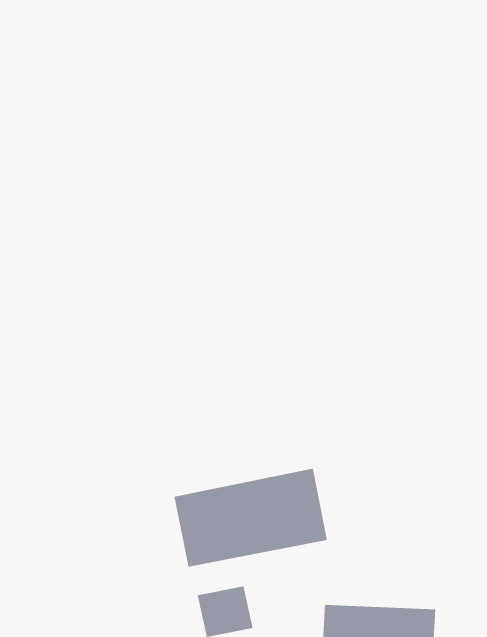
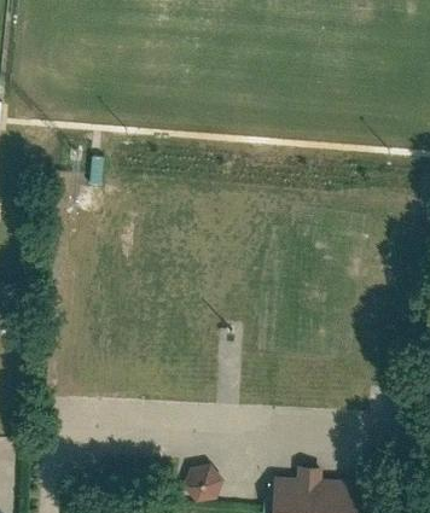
building: [174,468,328,567] -> none

